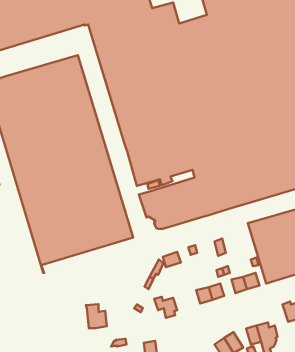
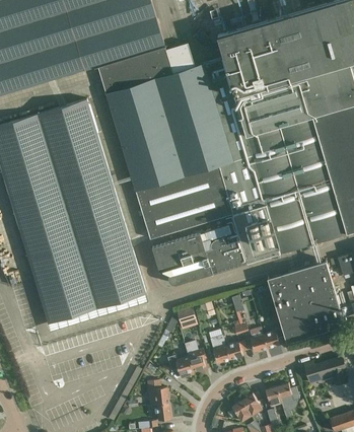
building: none -> [185,341,207,370]
building: [86,304,107,328] -> [147,379,169,405]

